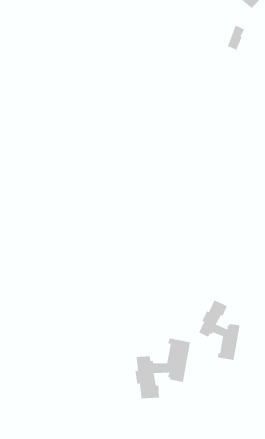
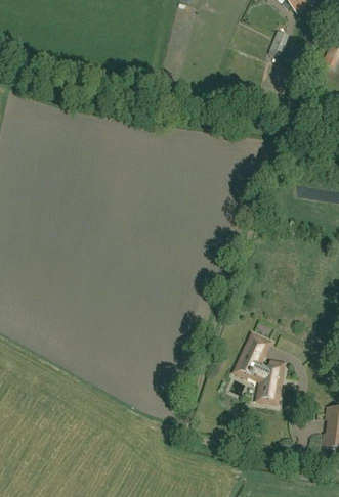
building: [134,337,191,399] -> none

